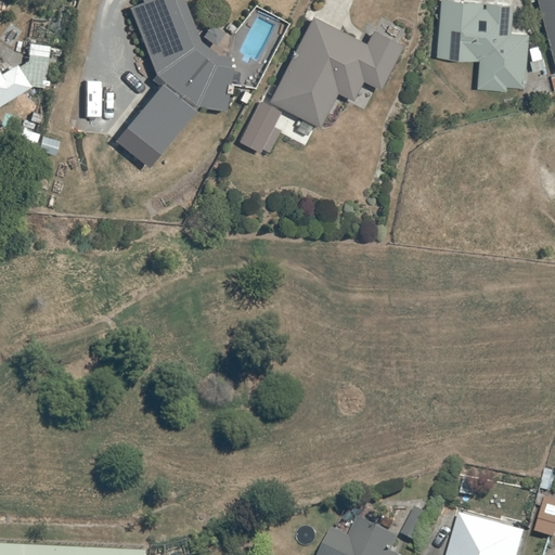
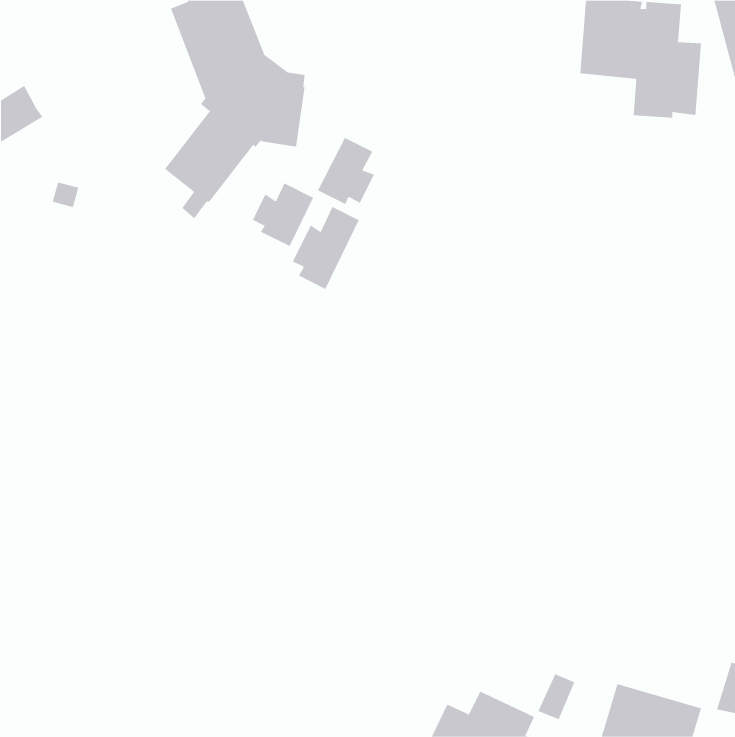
building: [269,16,403,128] -> none
building: none -> [252,183,314,247]
building: none -> [292,206,360,290]

